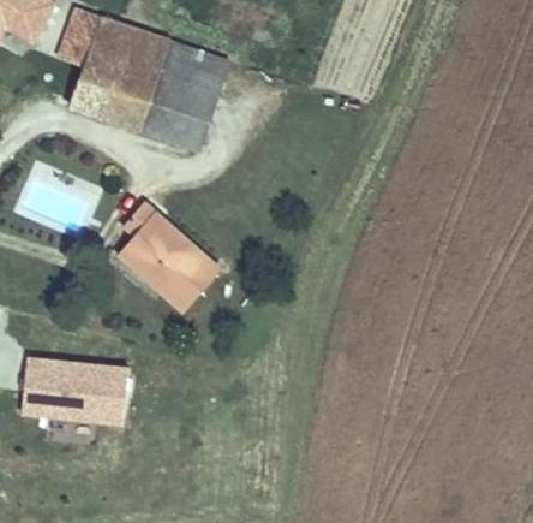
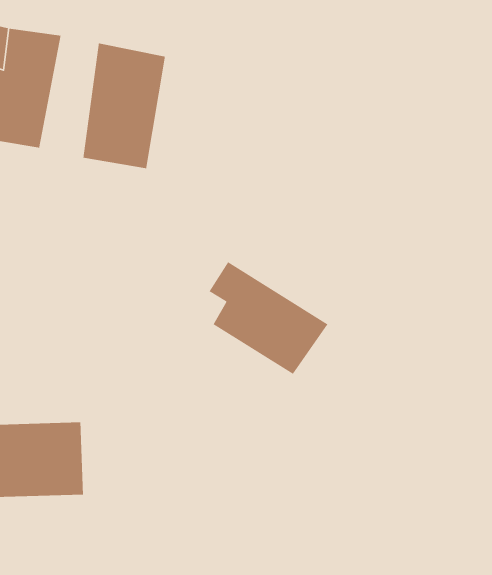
building: [109,35,164,138] -> none
building: [136,210,233,309] -> [209,261,328,375]

